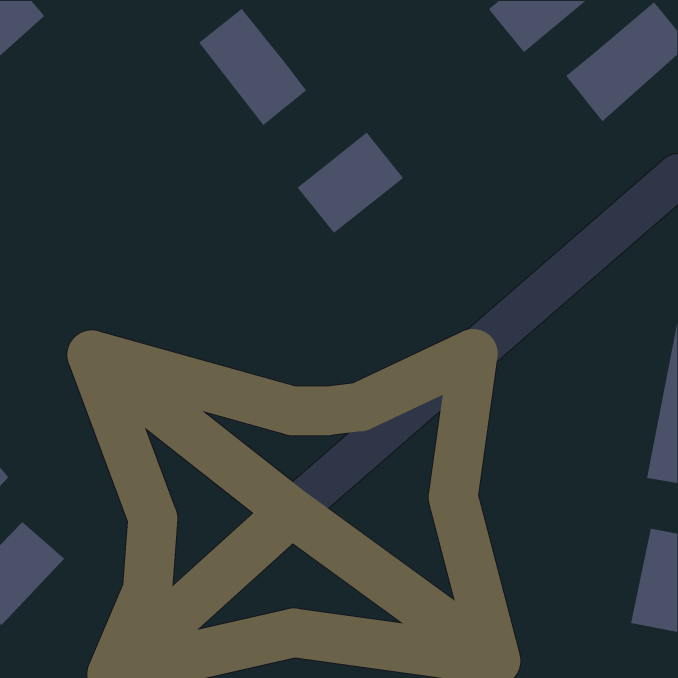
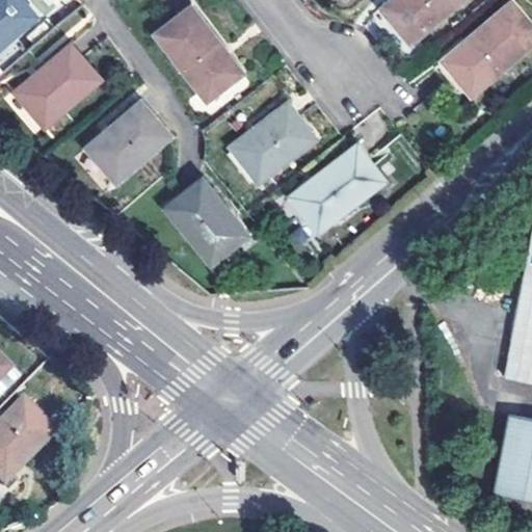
building: none -> [17,44,100,124]
building: none -> [90,103,174,183]
building: none -> [292,147,383,233]
building: none -> [168,182,246,265]

